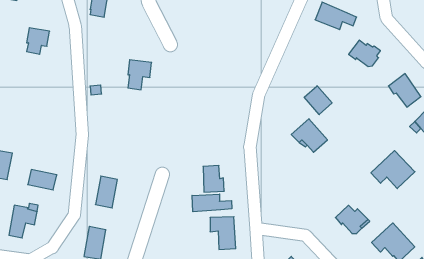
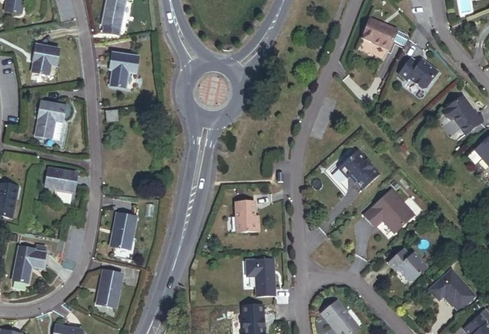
building: [128,60,152,90] -> [113,52,140,86]
building: none -> [38,103,67,140]
building: [304,86,332,115] -> none
building: [371,151,415,189] -> [361,188,411,231]
building: [28,170,57,190] -> [46,169,79,192]
building: [192,194,232,212] -> none

